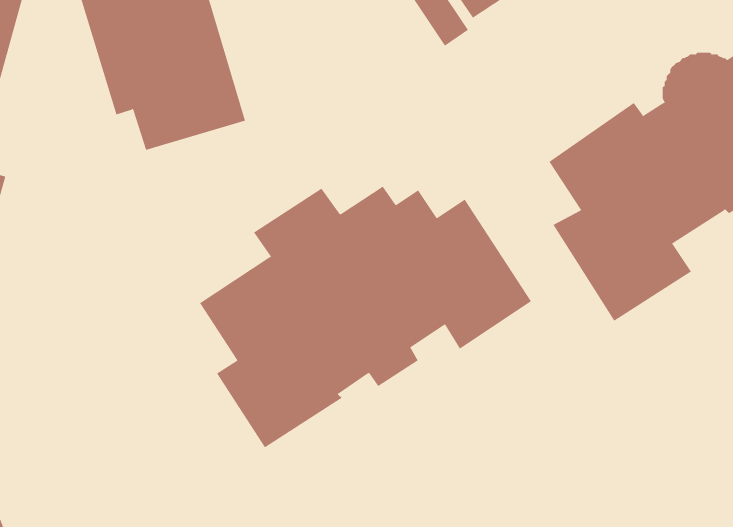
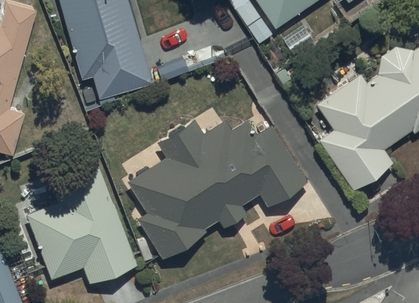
building: none -> [26,152,137,285]

